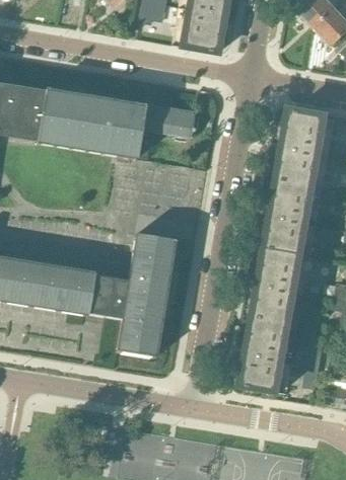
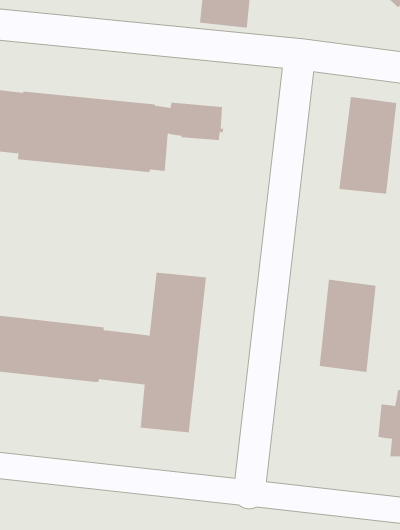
building: [267,178,316,253] -> none
building: [243,312,292,391] -> none

